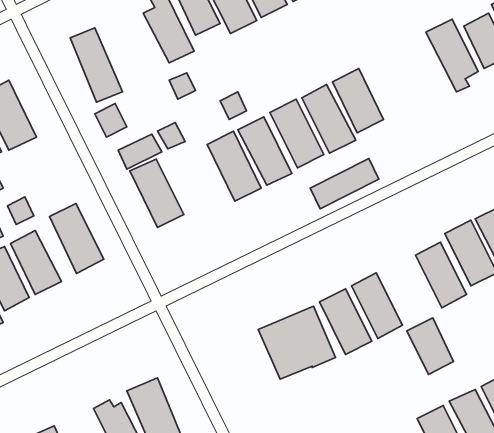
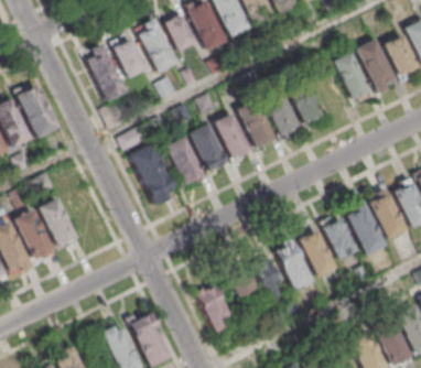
building: none -> [115,36,149,77]
building: none -> [331,50,371,101]
building: none -> [164,136,205,187]
building: [310,159,379,209] -> none
building: [50,204,104,273] -> none
building: [407,318,453,375] -> [322,217,357,260]
building: none -> [196,283,230,332]

